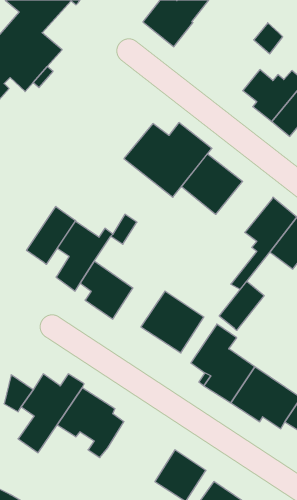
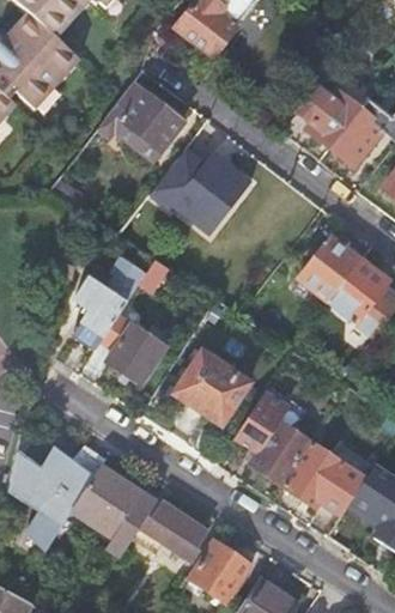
building: none -> [97,84,181,151]
building: [182,154,243,214] -> none
building: [27,206,76,264] -> none
building: [219,281,264,330] -> none
building: none -> [133,500,206,556]

